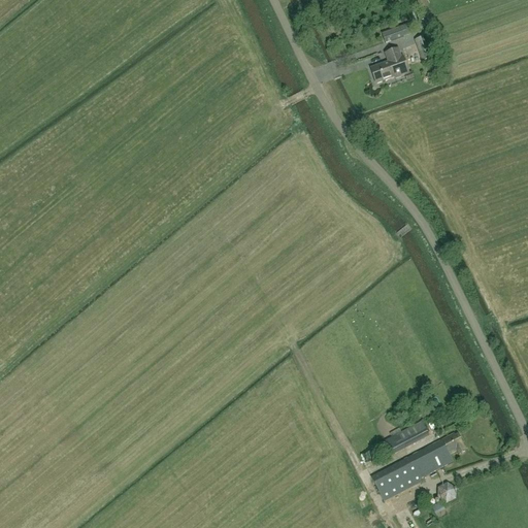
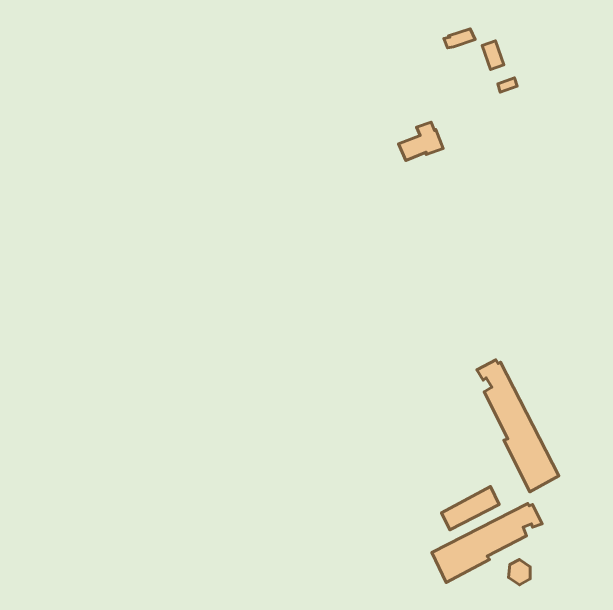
building: [370,50,408,82] -> [399,122,443,161]
building: none -> [477,360,559,492]

